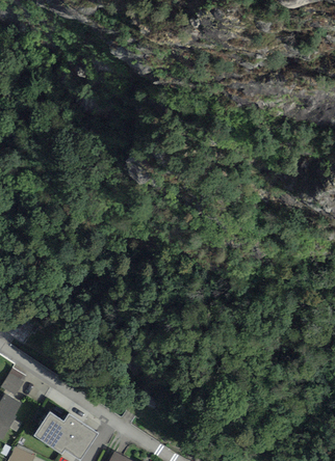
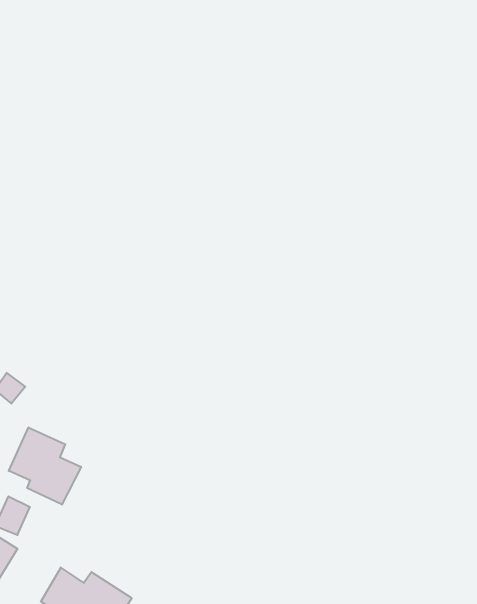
building: none -> [9,427,81,505]

